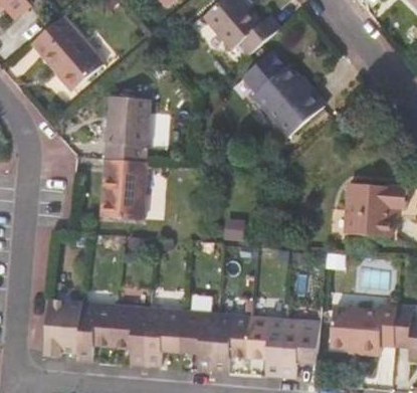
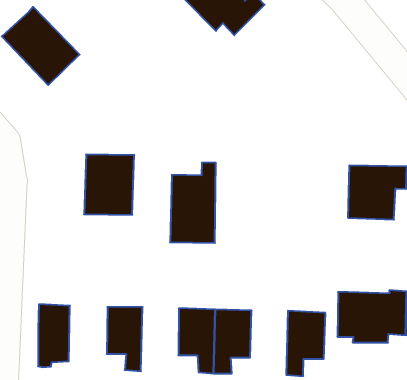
building: [241,51,322,136] -> none
building: [105,85,152,162] -> [170,163,216,243]
building: [77,301,117,361] -> none
building: [145,306,184,367] -> none
building: [248,315,286,377] -> none

